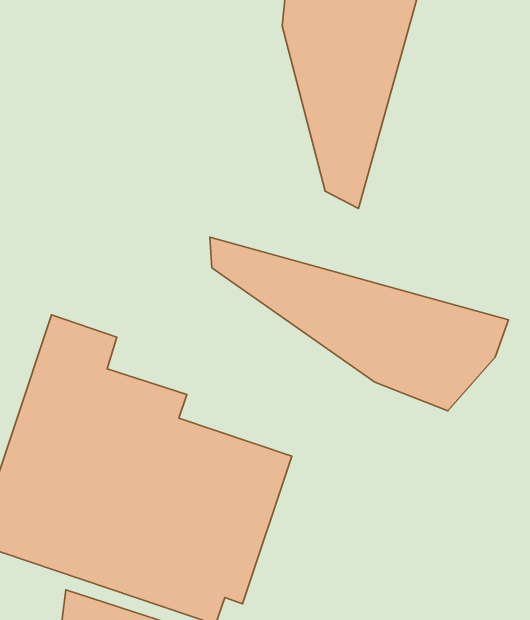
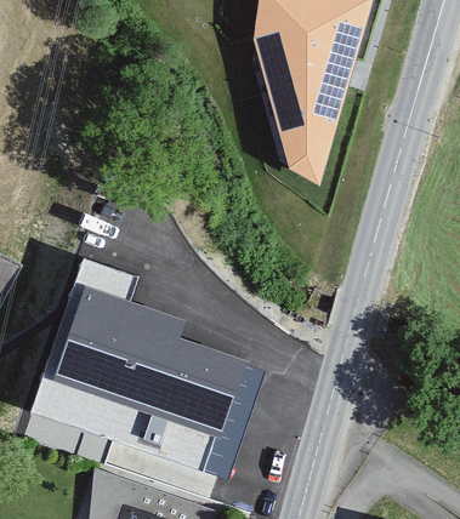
building: [210,237,509,411] -> none

